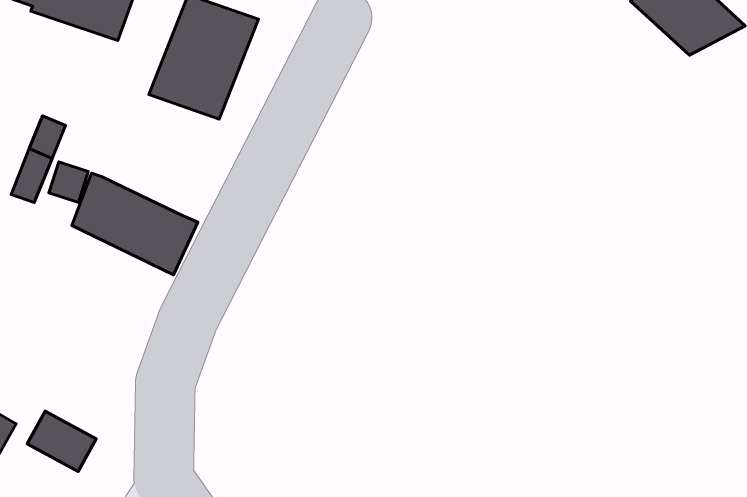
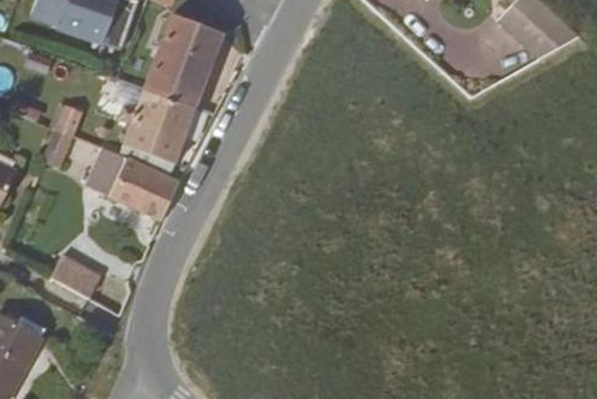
building: none -> [118,88,195,177]
building: [27,411,96,472] -> [52,252,102,297]

